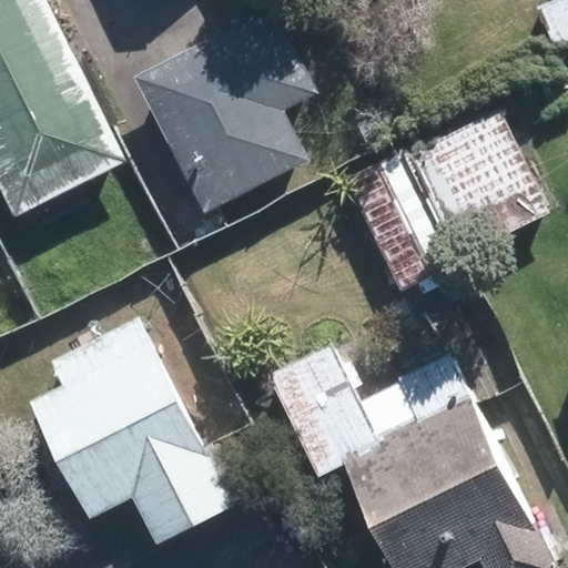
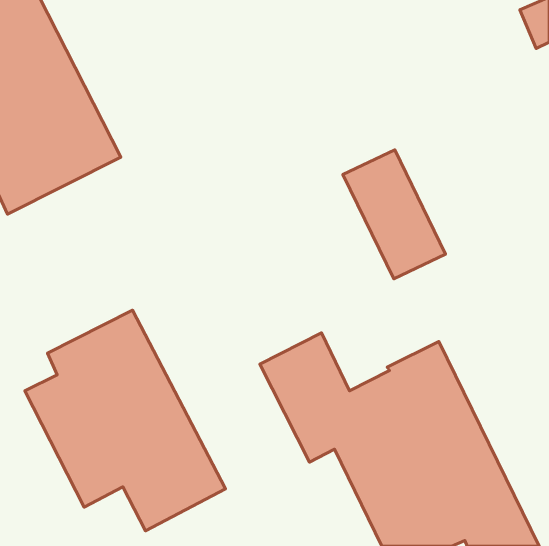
building: [132,9,312,214] -> none
building: [413,110,556,255] -> none

